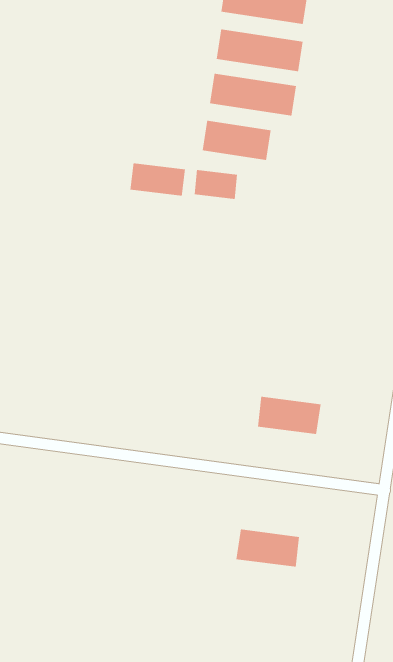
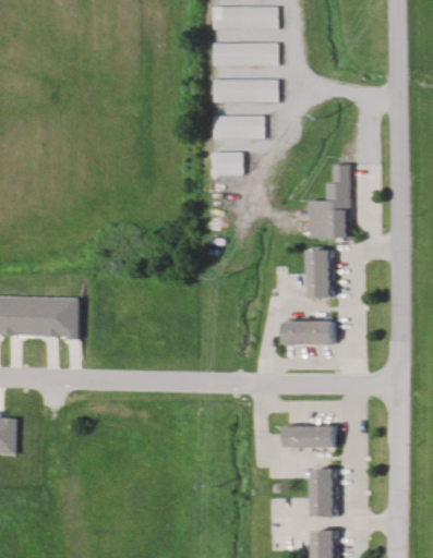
building: [130,163,185,196] -> none
building: none -> [308,163,351,238]
building: none -> [306,252,332,300]
building: none -> [311,470,336,518]

